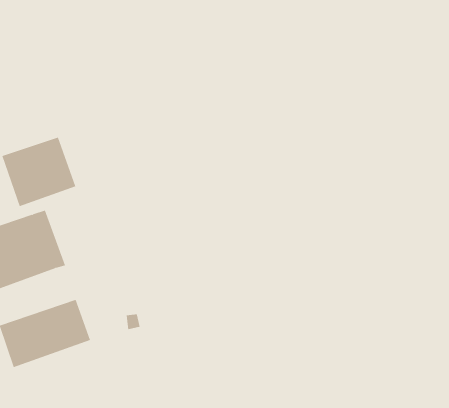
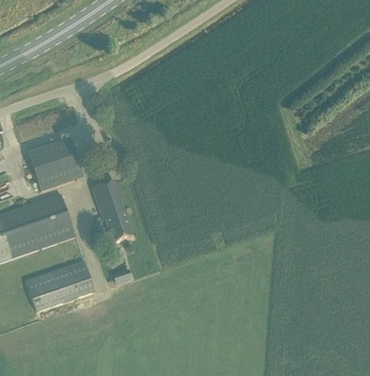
building: none -> [91,180,132,242]

